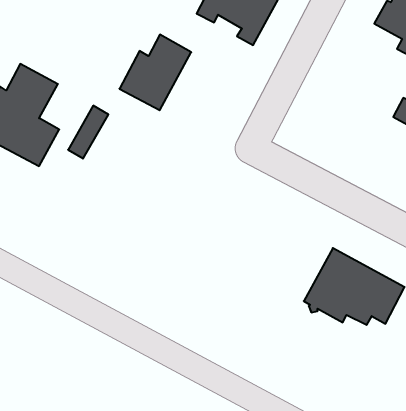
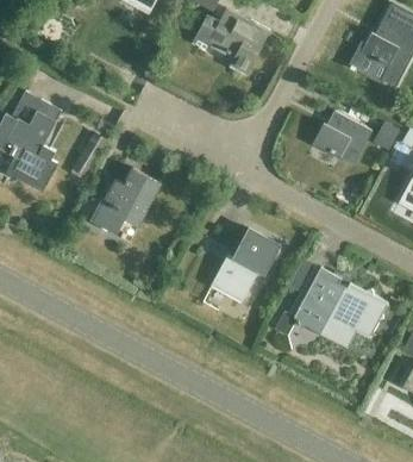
building: [119,35,191,110] -> [93,168,161,239]
building: none -> [311,112,371,166]
building: none -> [209,230,279,302]

